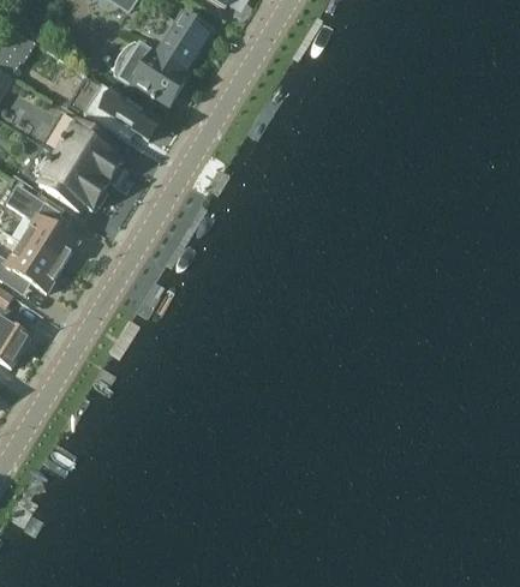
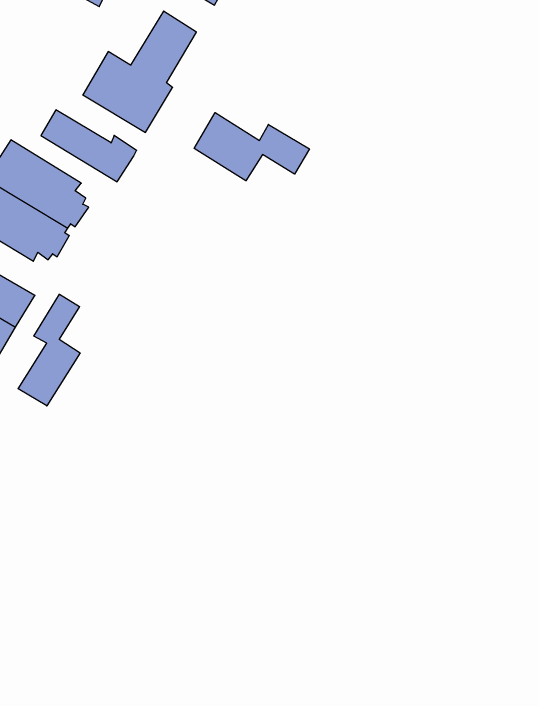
building: none -> [194,113,309,181]
building: none -> [18,294,80,406]

